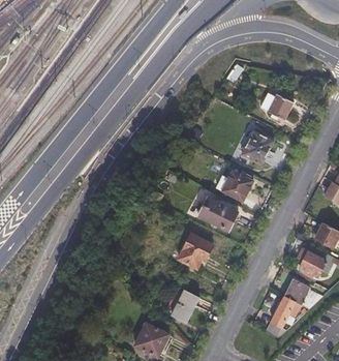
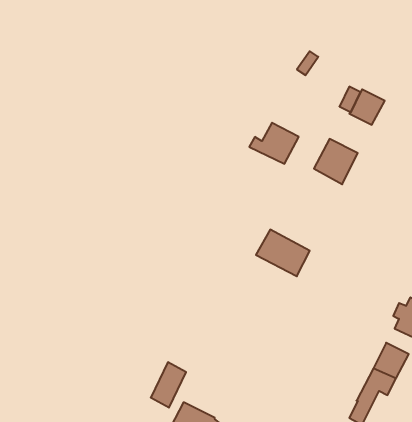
building: [215,171,251,201] -> [249,123,299,164]
building: [176,235,211,270] -> none
building: [172,291,197,324] -> [151,362,186,408]

